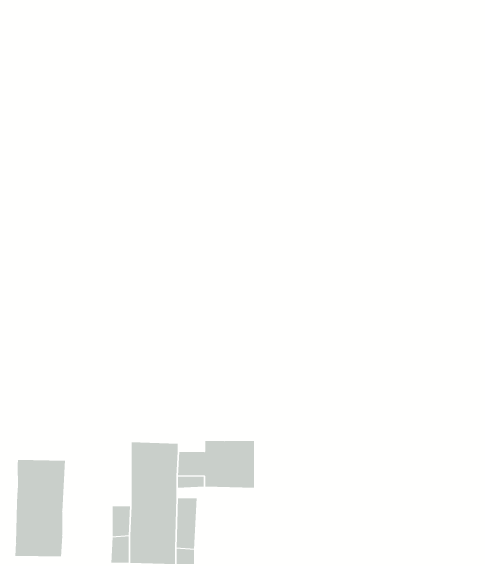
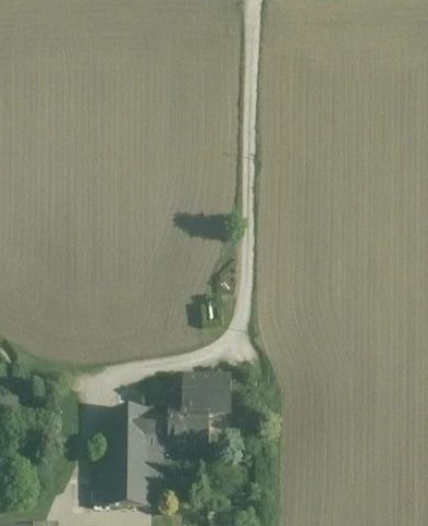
building: none -> [186,371,232,412]
building: [15,459,65,557] -> none

